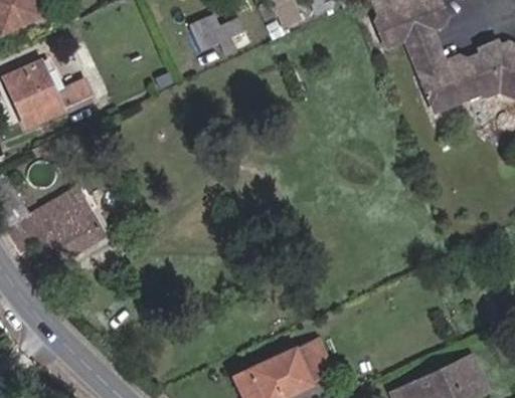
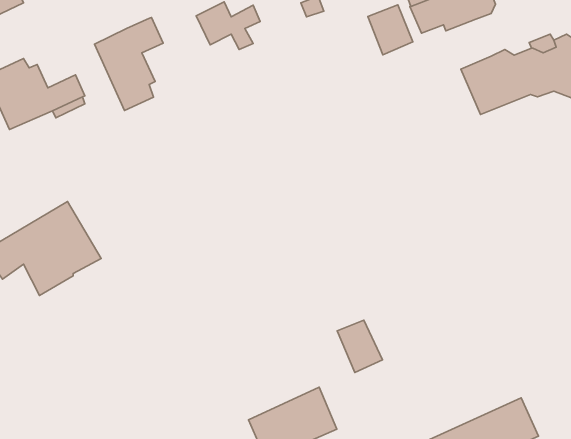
building: none -> [94,17,163,110]
building: [404,29,444,72] -> [368,5,413,55]
building: [295,339,334,384] -> [337,320,383,373]

